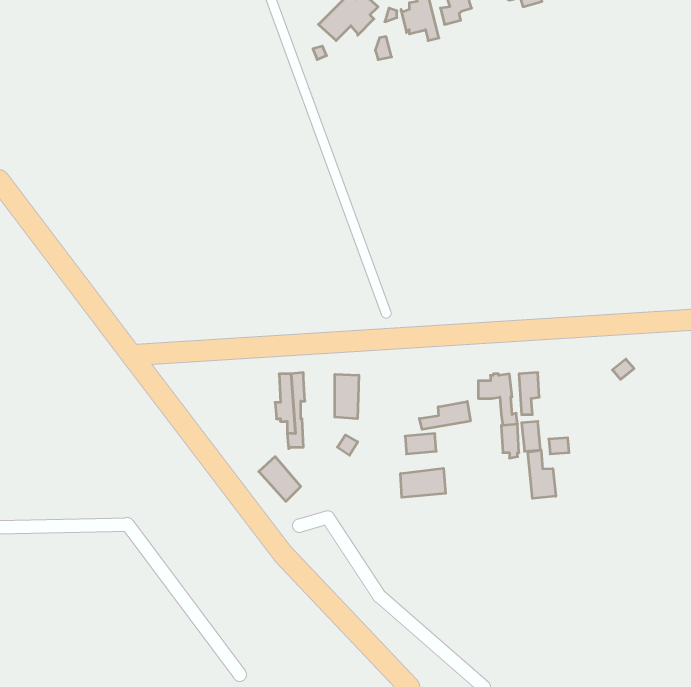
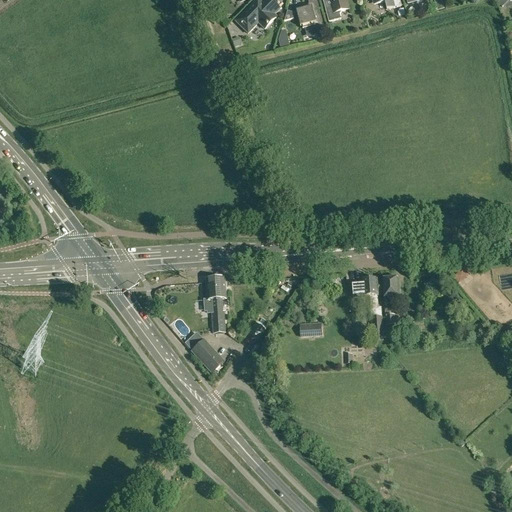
building: [335,374,359,419] -> none
building: [419,401,470,429] -> none
building: [528,450,556,498] -> none
building: [401,468,446,497] -> none

